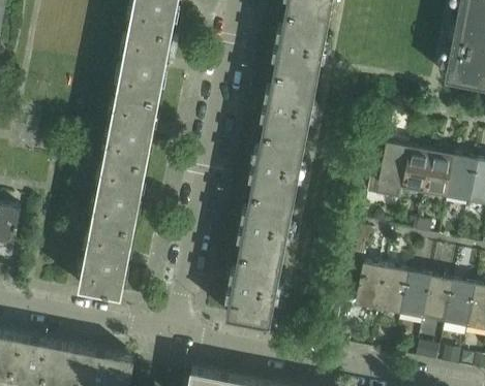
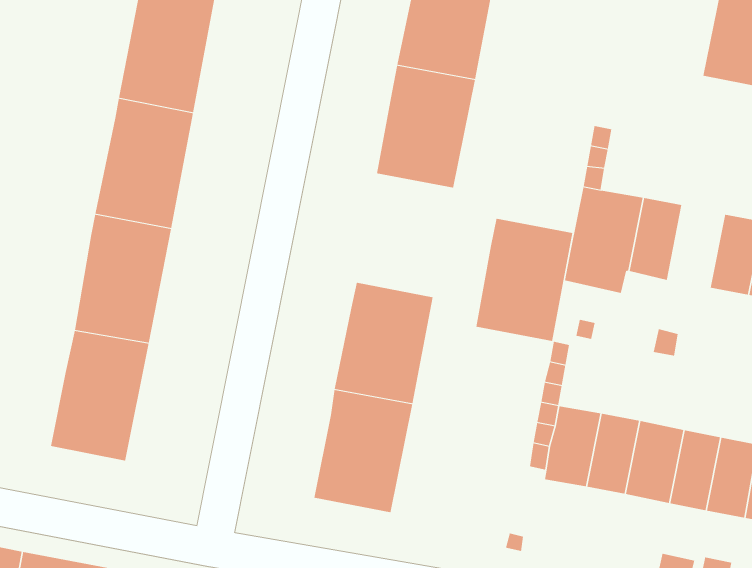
building: [249,134,304,203] -> [475,218,573,342]
building: [424,152,456,198] -> none

